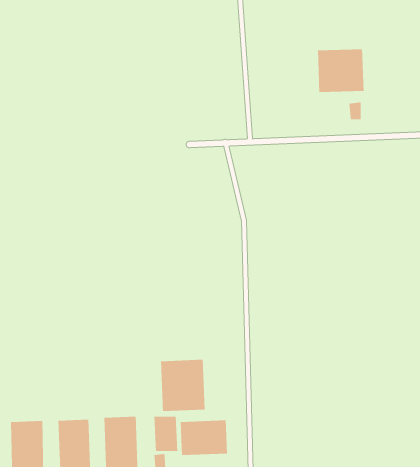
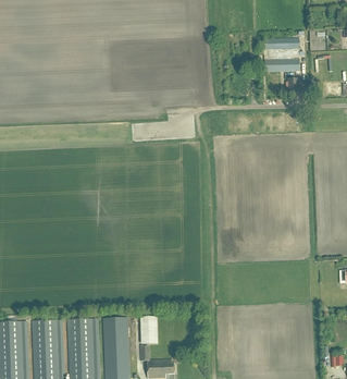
building: [160,359,206,412] -> none
building: [180,419,228,456] -> none

